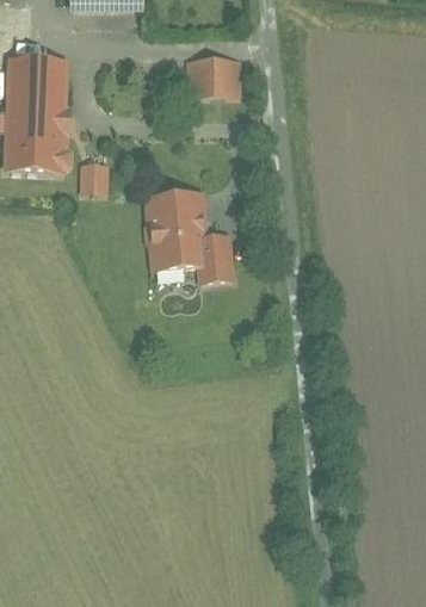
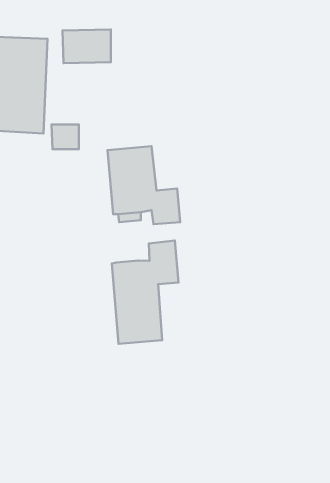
building: [183,55,241,95] -> [63,30,111,63]
building: none -> [112,241,178,344]

